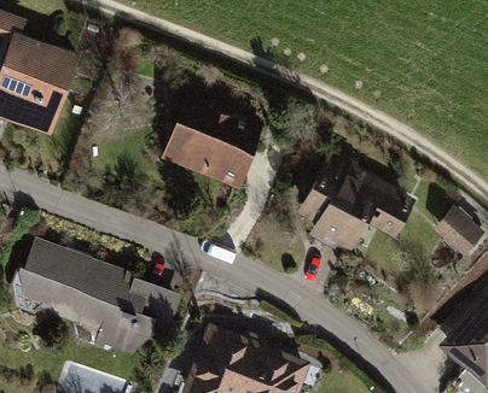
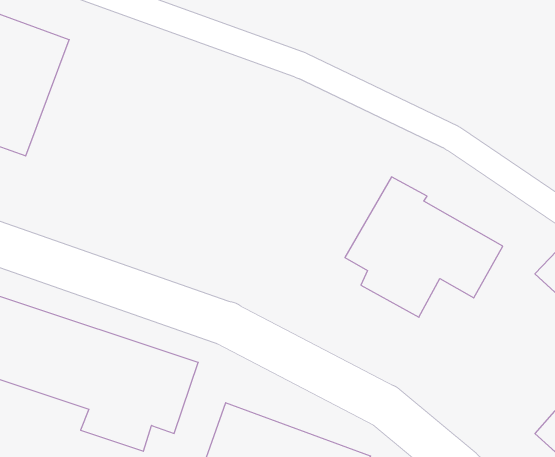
building: [163,92,268,189] -> none

